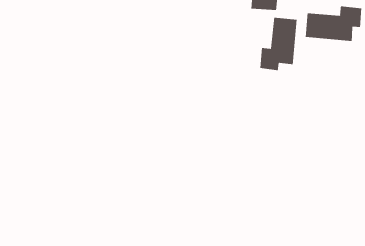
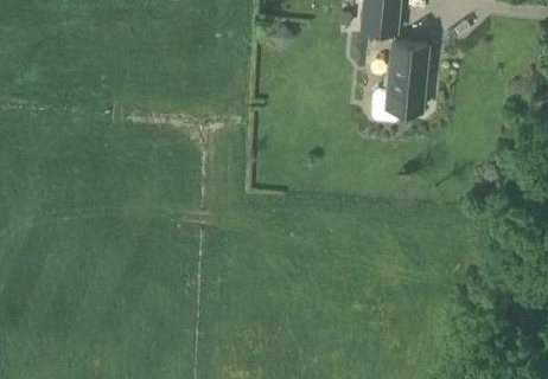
building: [305,6,362,42] -> none

